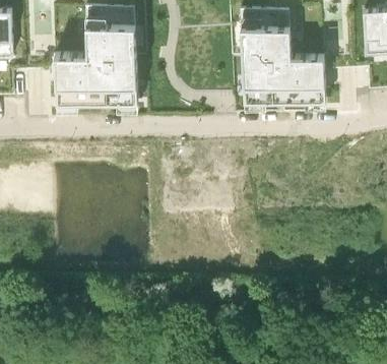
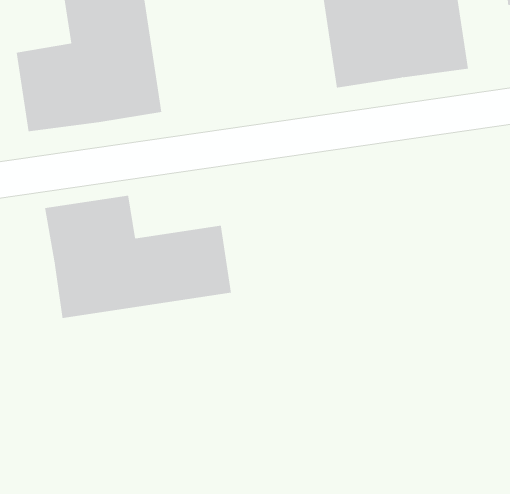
building: none -> [45,195,232,319]

